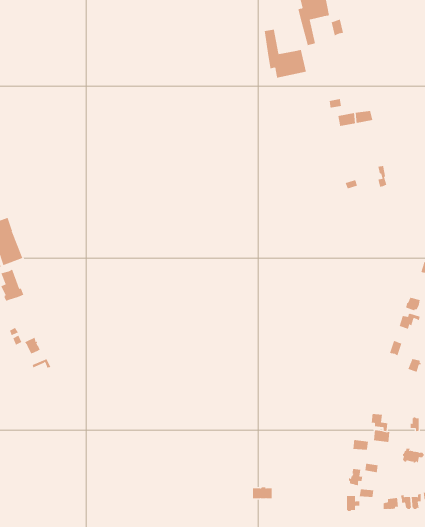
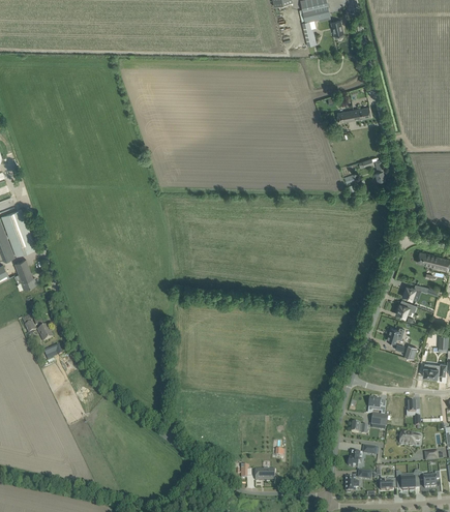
building: [264,29,306,78] -> none

